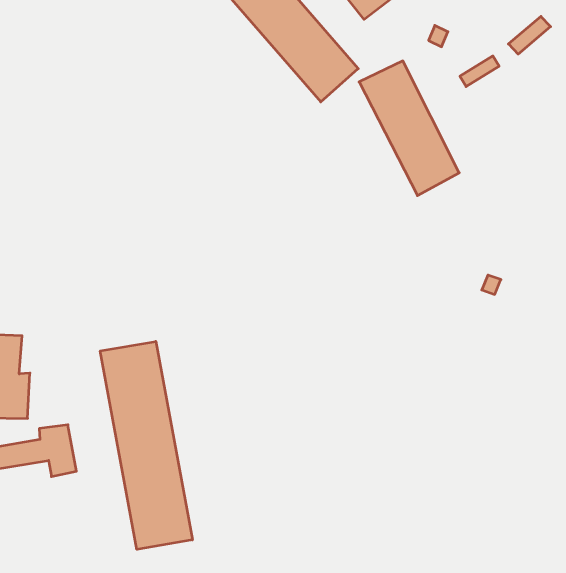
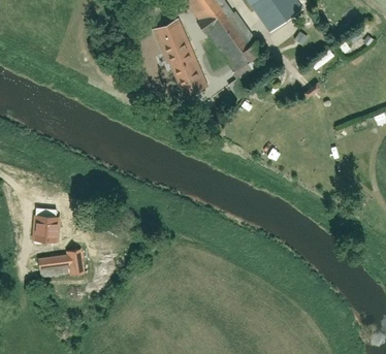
building: [359,61,459,196] -> [153,19,206,96]
building: [100,341,192,549] -> none

